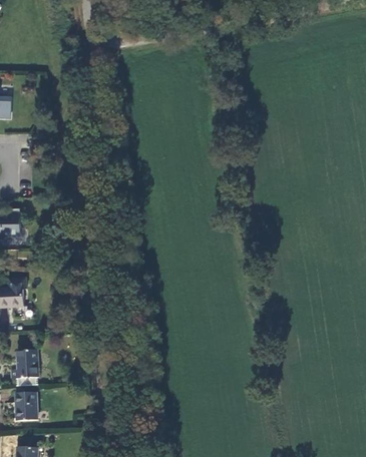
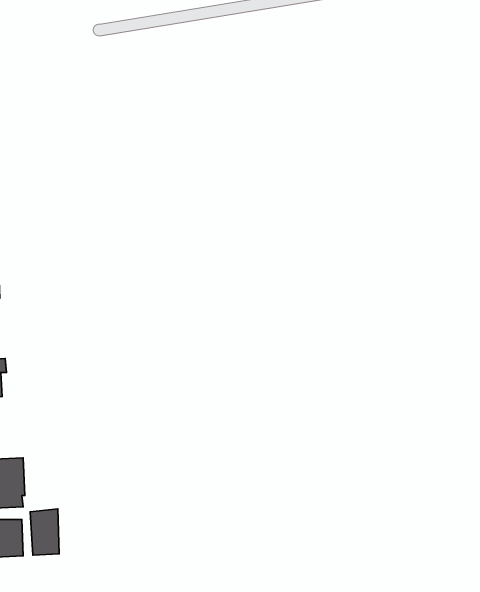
building: none -> [30,509,59,555]

